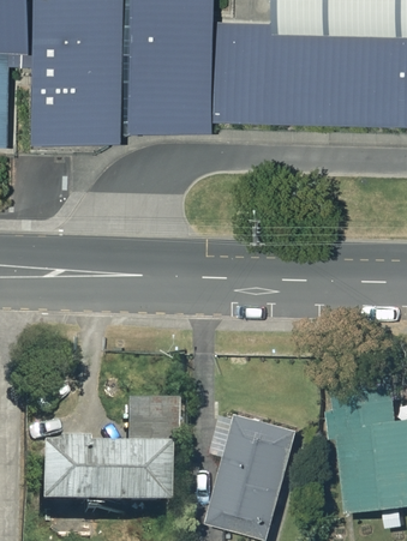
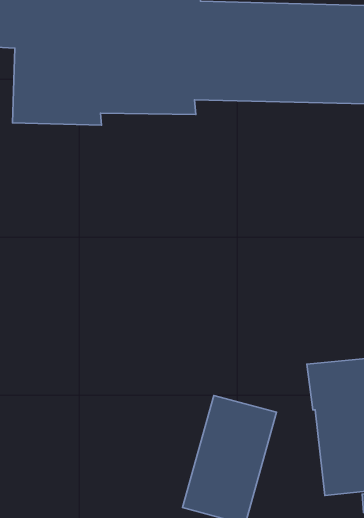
building: [26,405,168,510] -> none

